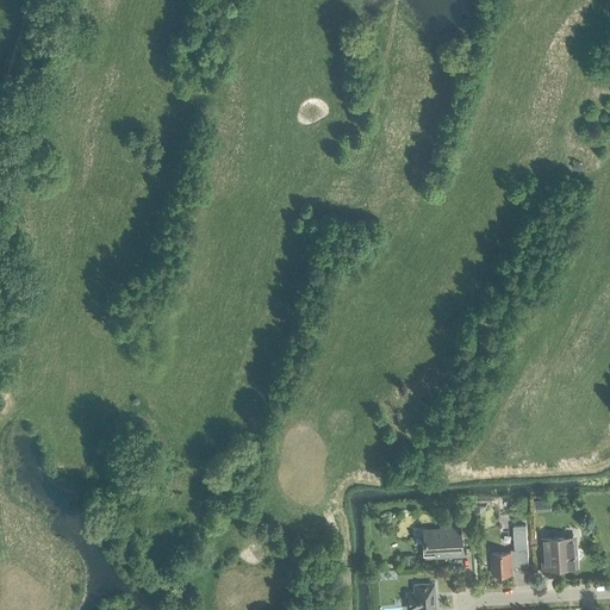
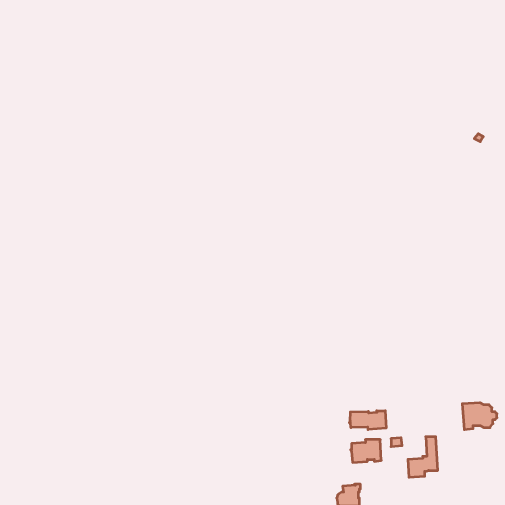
building: none -> [349,411,386,430]
building: [540,539,581,571] -> [462,403,497,430]

